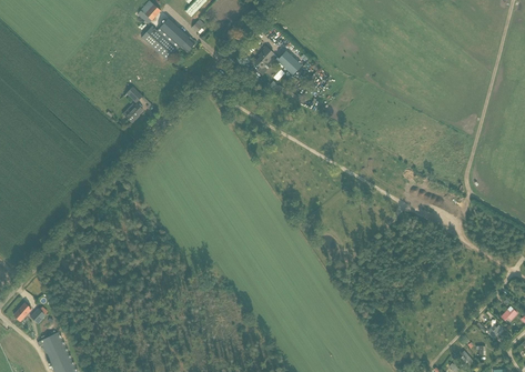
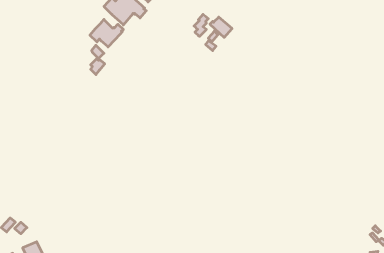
building: none -> [90,19,123,47]

